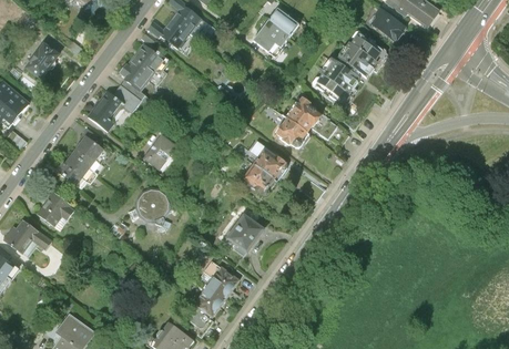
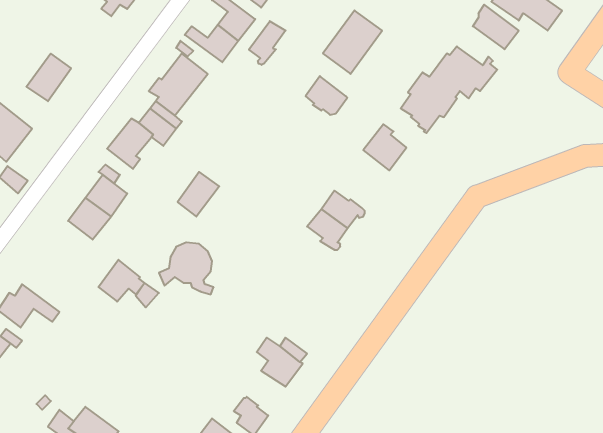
building: none -> [249,21,286,65]
building: [274,117,306,147] -> [306,76,347,115]
building: [39,193,74,225] -> [98,260,144,302]
building: [224,213,262,250] -> none
building: [193,287,225,318] -> none

